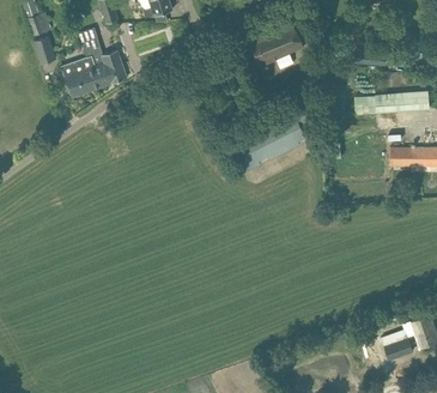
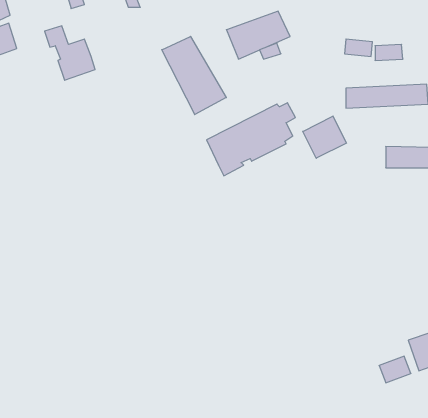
building: none -> [162,36,226,115]
building: [61,56,99,97] -> none
building: none -> [303,116,346,158]

